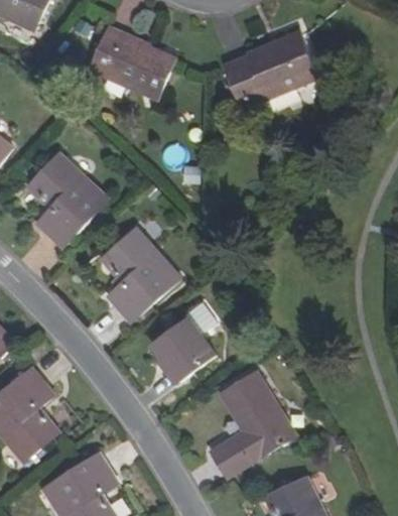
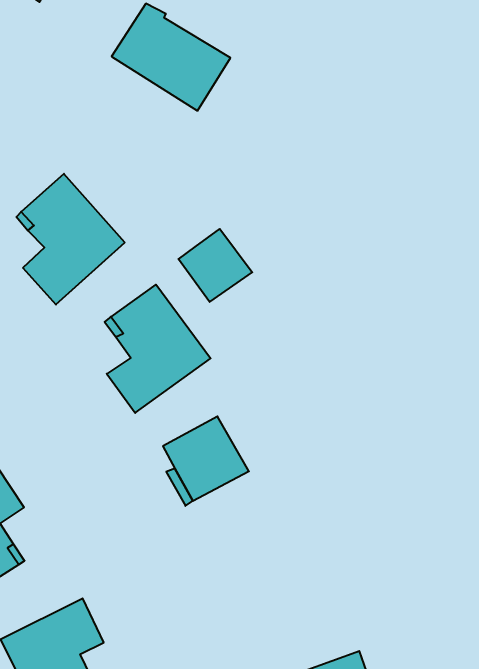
building: [224,36,316,110] -> none
building: none -> [178,229,252,302]
building: [210,372,291,478] -> none

